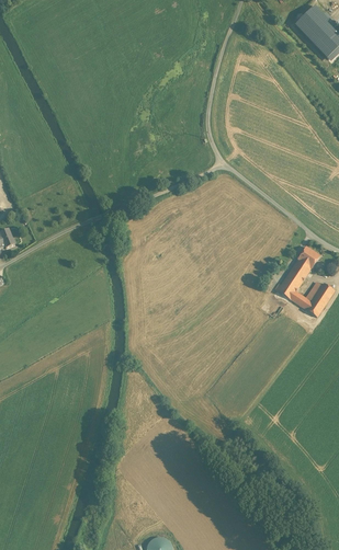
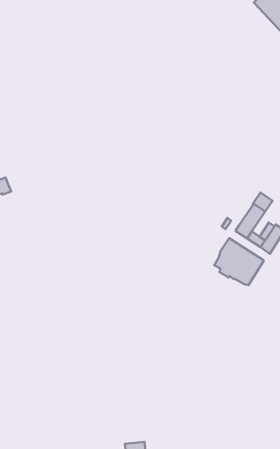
building: none -> [214,238,264,285]

